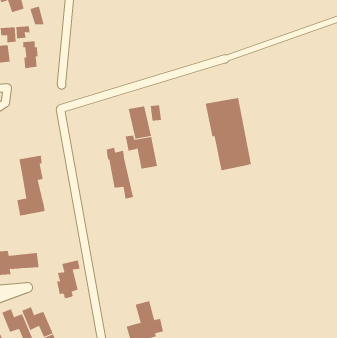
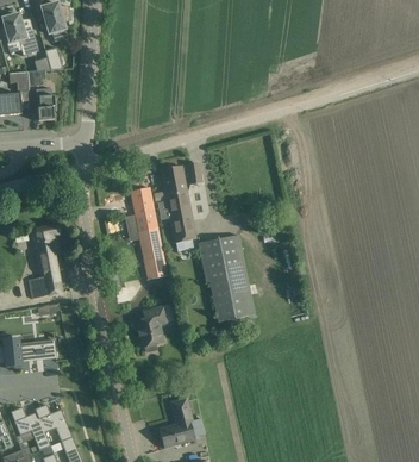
building: [205,98,252,171] -> [198,235,254,321]
building: none -> [130,187,156,220]
building: [56,260,80,299] -> [137,305,165,351]

